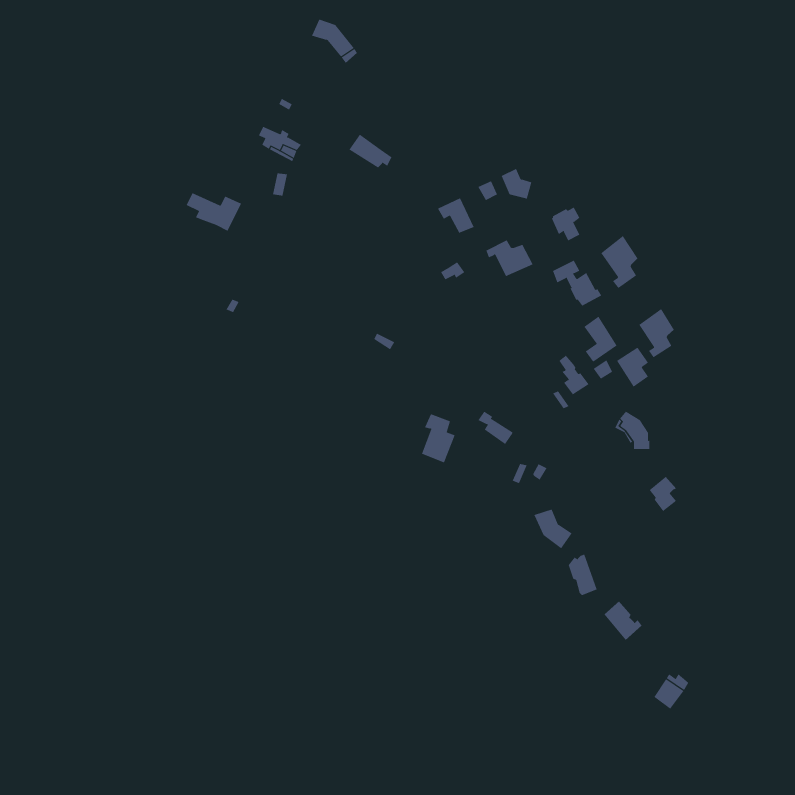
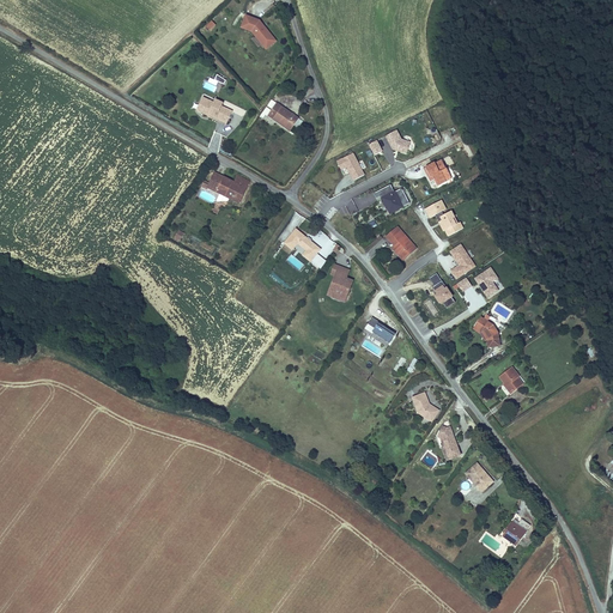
building: [186,193,242,232] -> [207,172,250,202]
building: [600,235,638,289] -> none
building: none -> [386,225,417,261]
building: none -> [284,227,321,261]
building: [639,308,675,358] -> none
building: [421,413,455,463] -> [327,263,353,302]

